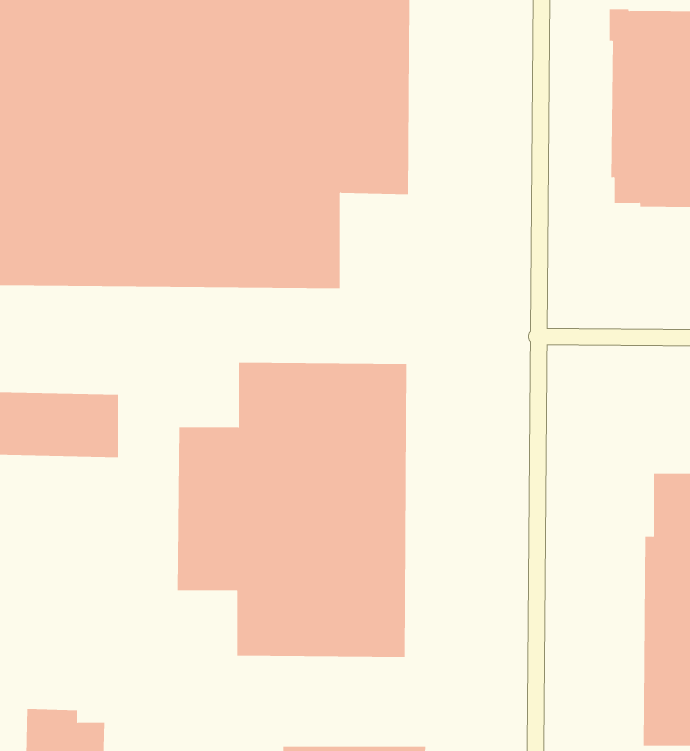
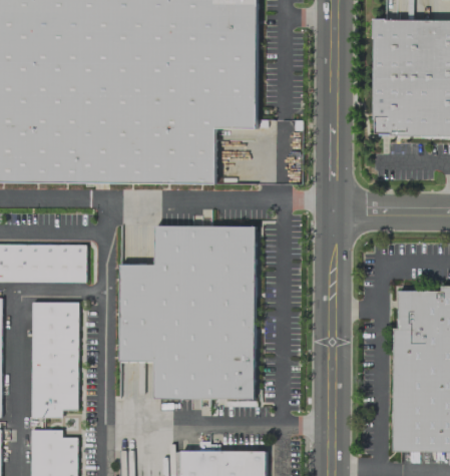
building: none -> [30,304,77,419]

